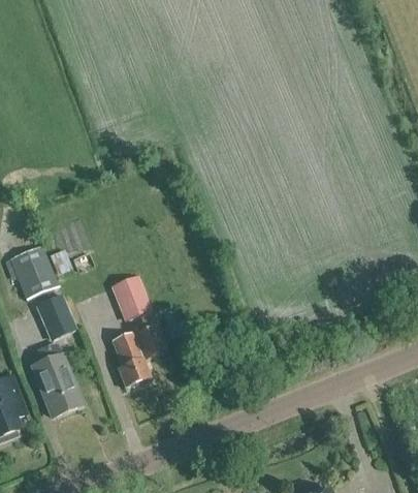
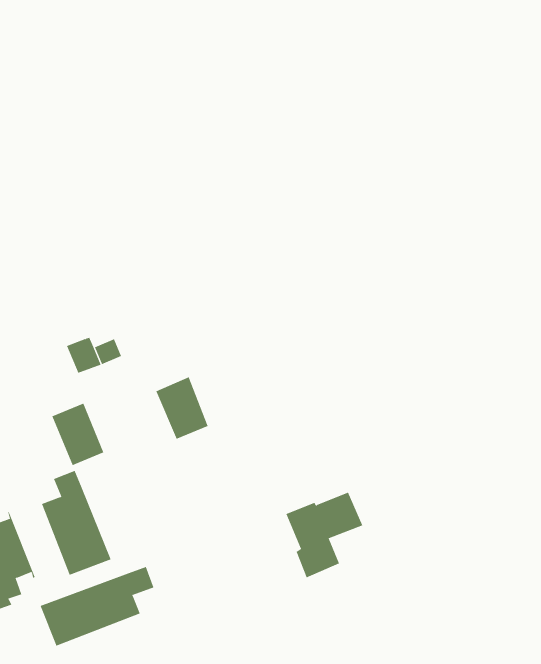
building: [9,246,58,300] -> none
building: [111,327,166,388] -> [286,492,363,578]
building: none -> [40,566,154,646]

